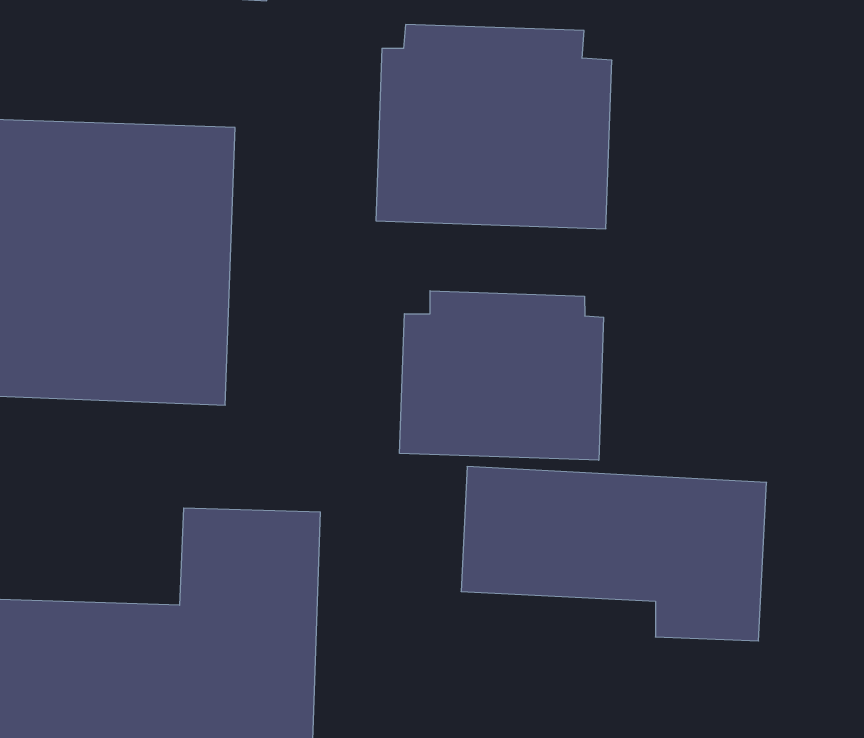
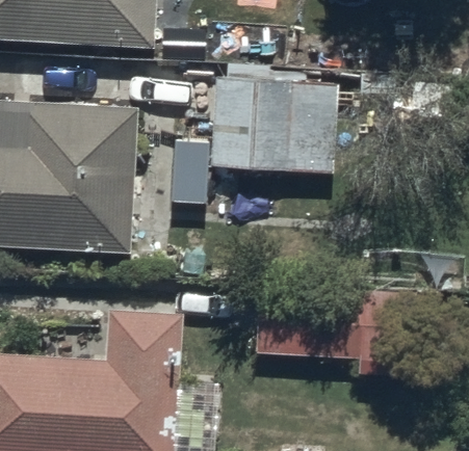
building: [400,291,604,460] -> none

